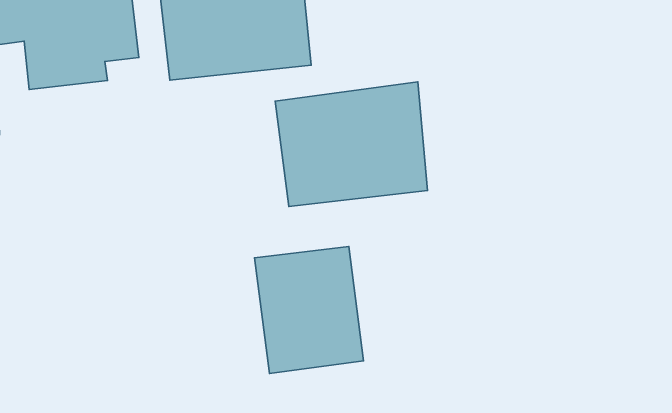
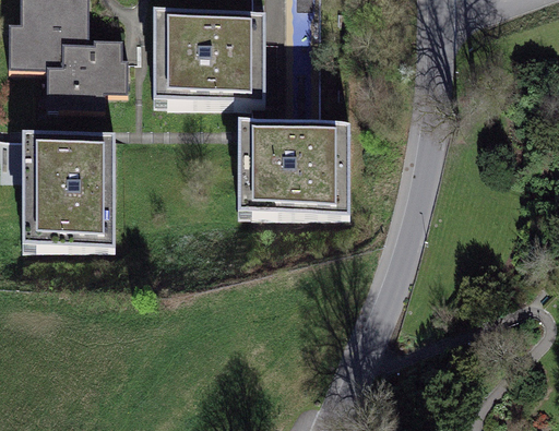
building: none -> [23,135,116,246]
building: [255,247,363,373] -> none

